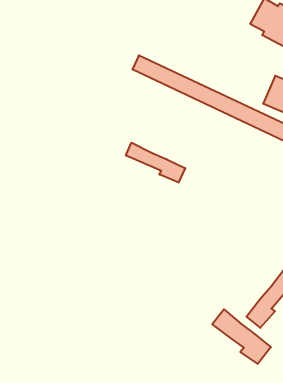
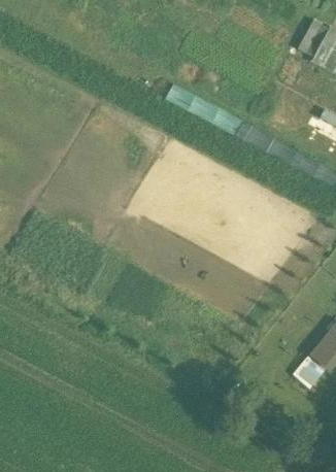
building: [126,143,185,183] -> none
building: [212,309,271,364] -> none

